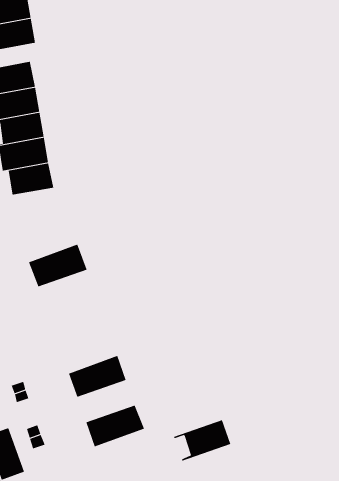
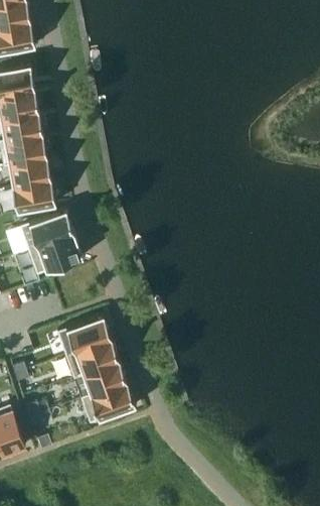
building: none -> [12,180,55,211]
building: none -> [19,209,73,250]
building: none -> [56,314,111,354]
building: [173,419,231,462] -> [72,360,127,399]

